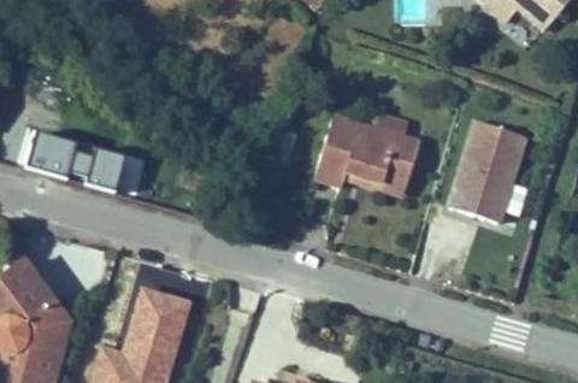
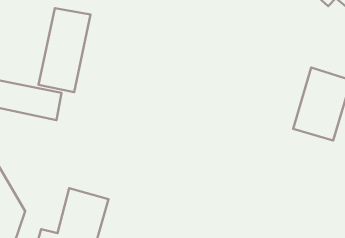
building: none -> [39,8,91,92]
building: [307,118,413,190] -> none

